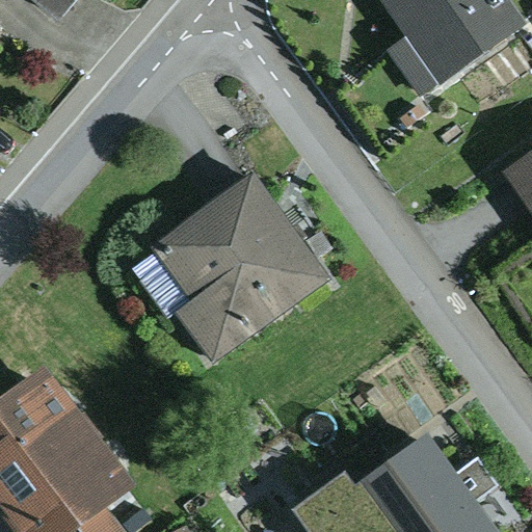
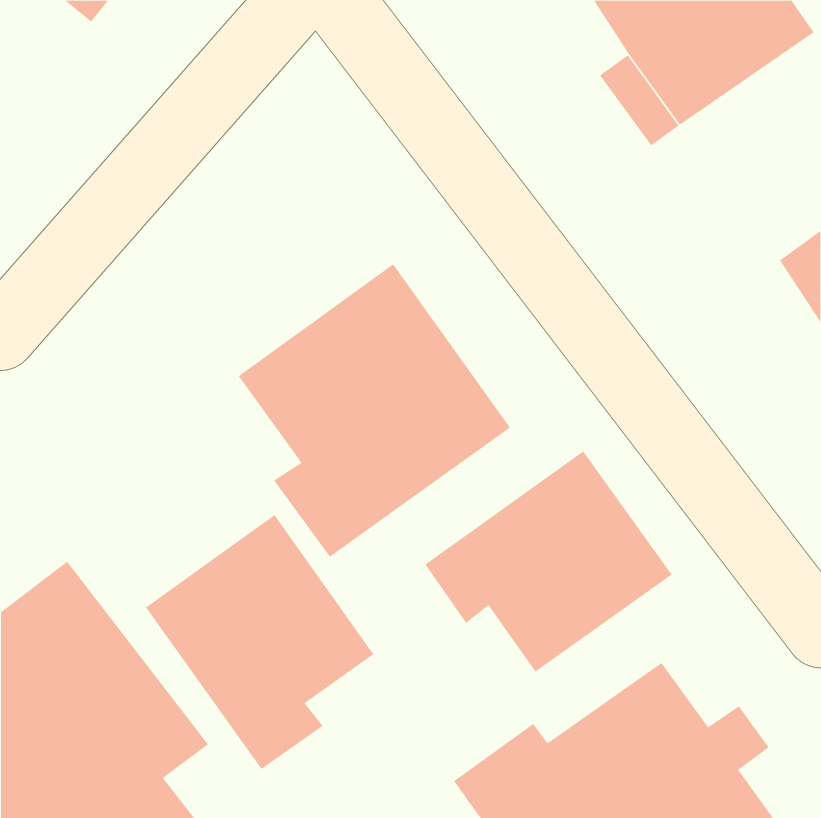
building: none -> [424,450,673,672]
building: none -> [145,514,374,770]

